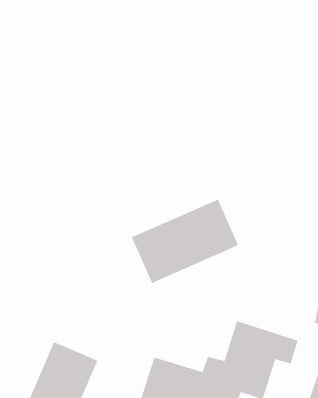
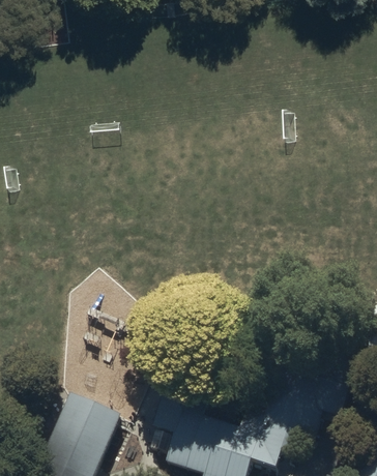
building: [131,199,239,284] -> none

